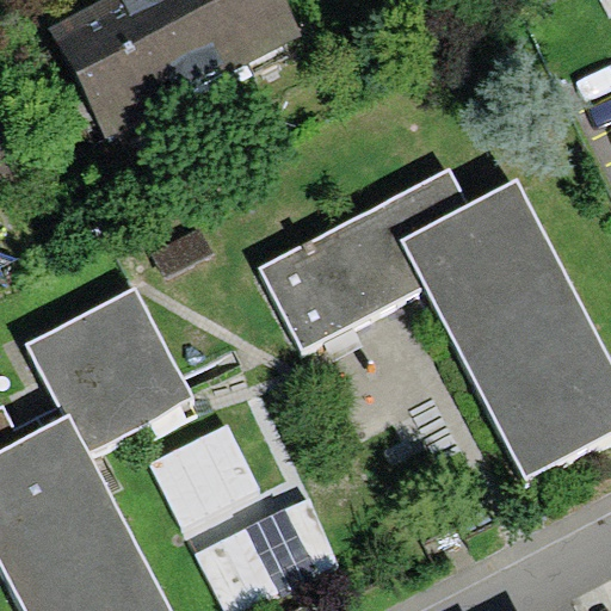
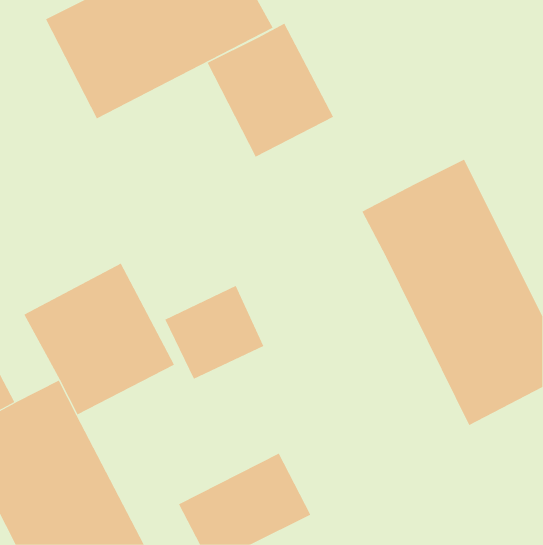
building: none -> [207,23,334,157]
building: [255,169,462,351] -> none
building: [153,434,264,539] -> [164,285,264,379]

